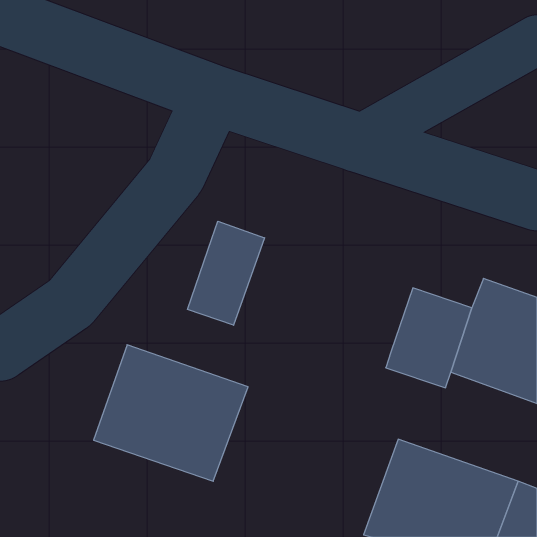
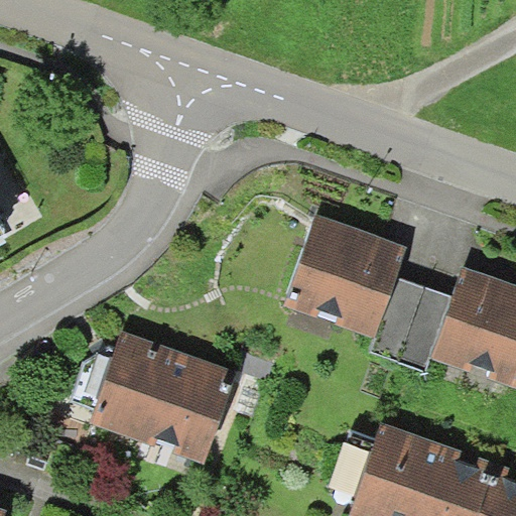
building: [187,221,265,325] -> none
building: none -> [283,215,406,338]

